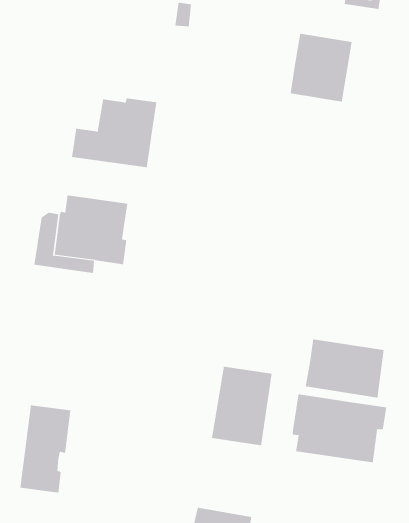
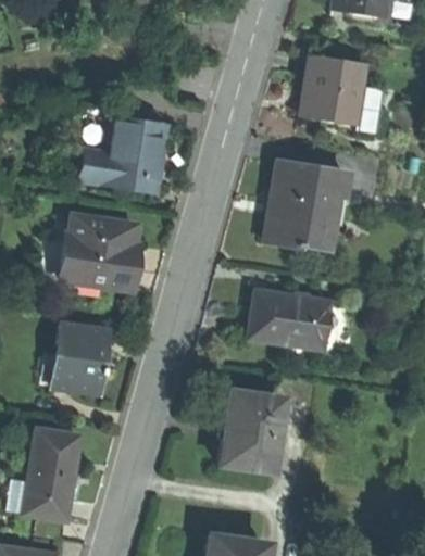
building: none -> [273,162,349,248]
building: none -> [53,325,108,392]
building: [305,339,385,398] -> [249,290,329,350]
building: [292,394,387,463] -> none

